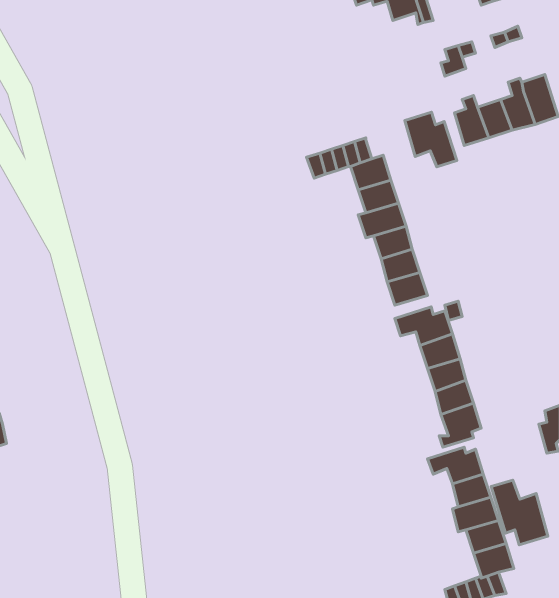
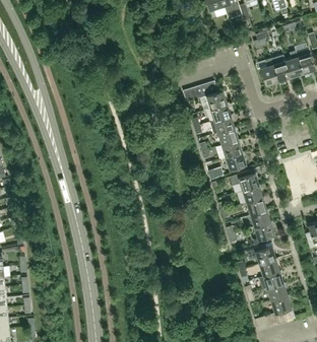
building: [405,112,457,167] -> none
building: [491,480,548,545] -> none

